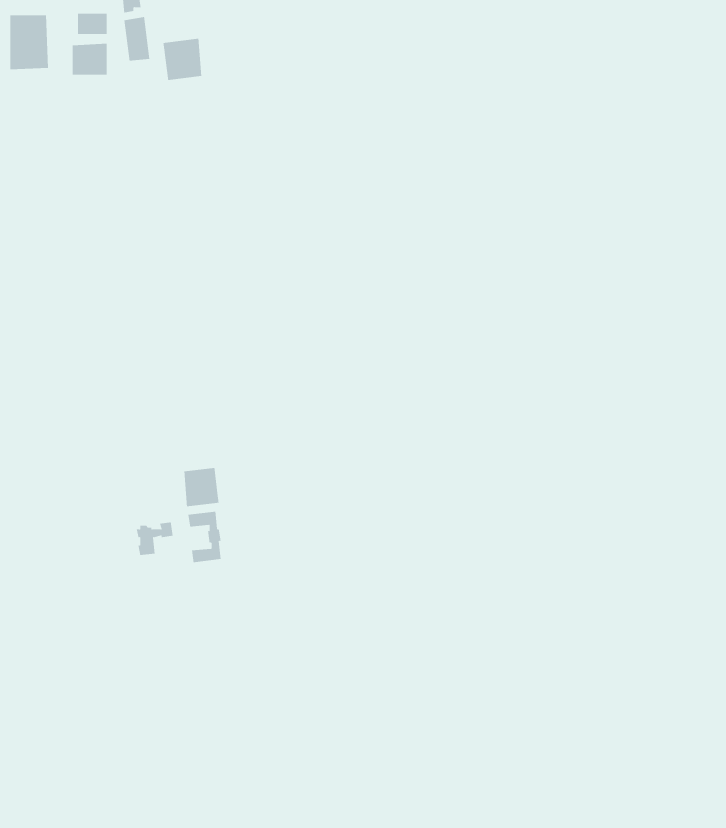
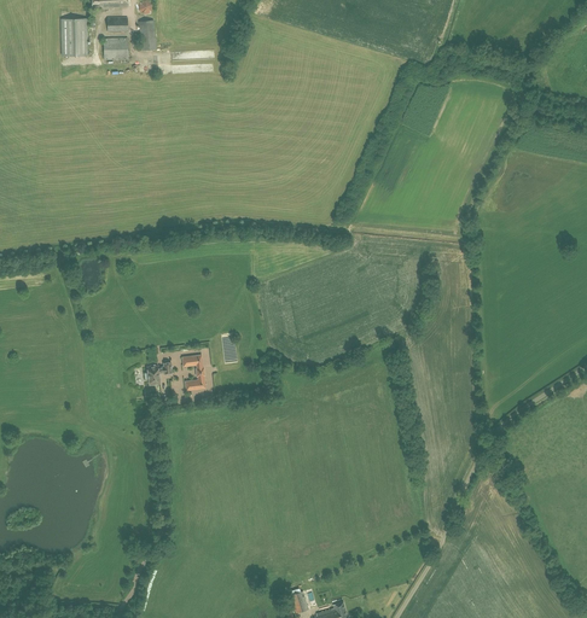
building: [163,38,202,81] -> none
building: [184,467,219,507] -> none

